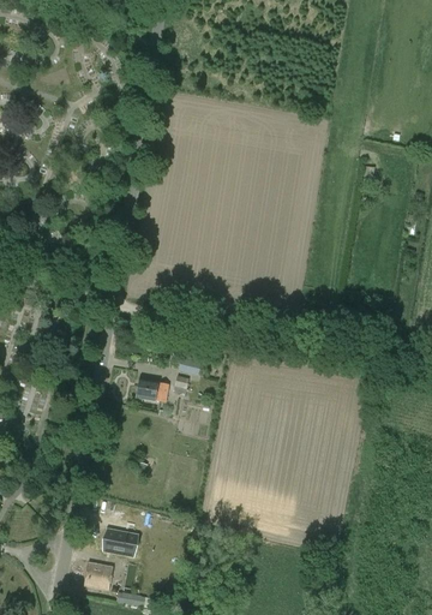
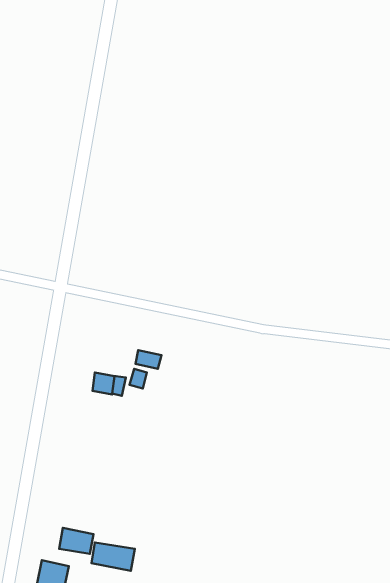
building: none -> [92,543,135,571]

